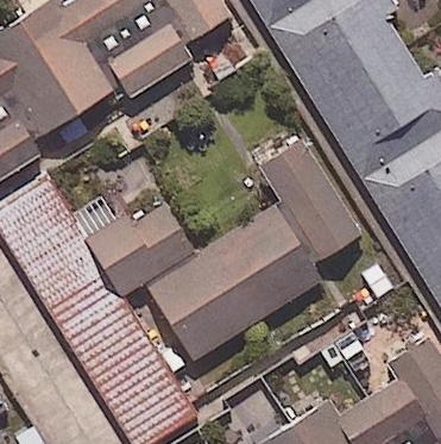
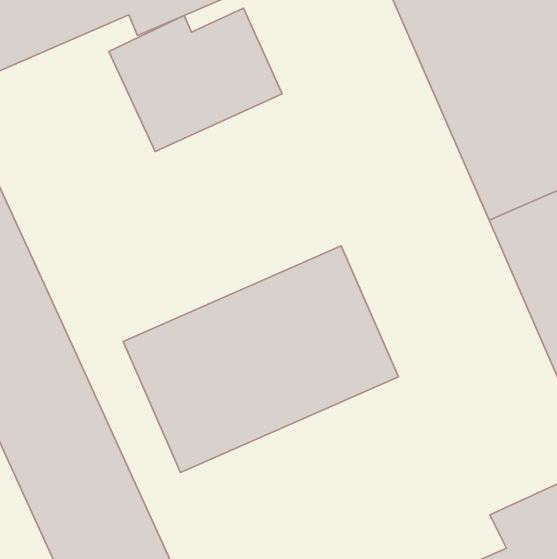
building: [260,139,364,263] -> none
building: [83,202,193,298] -> [109,8,282,152]

